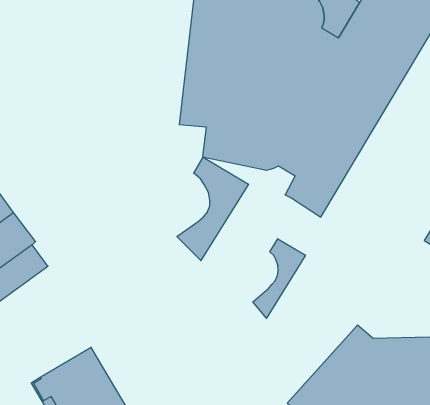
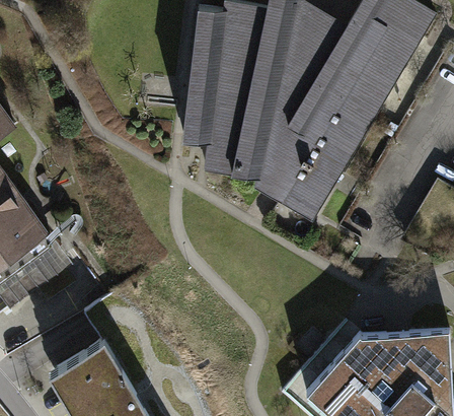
building: [177,157,248,261] -> none
building: [253,239,305,318] -> none

